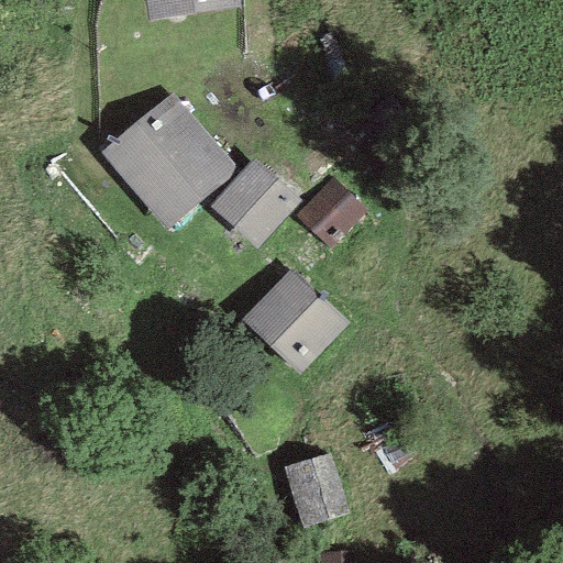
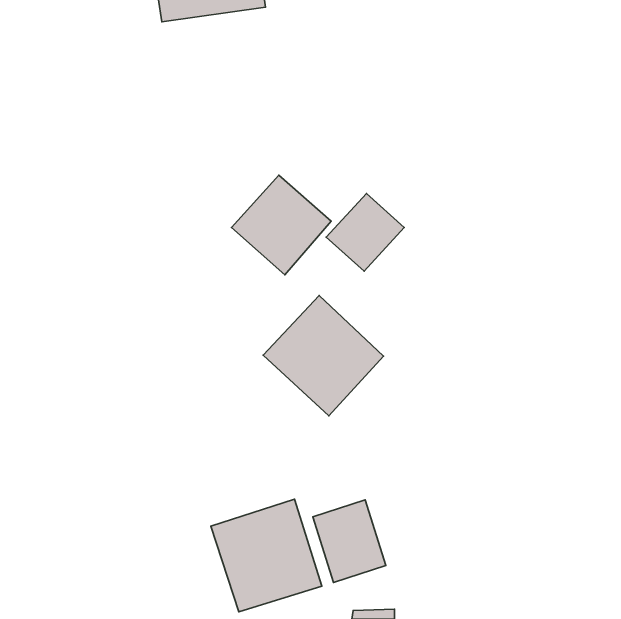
building: [101,90,238,228] -> none
building: none -> [211,499,322,612]

